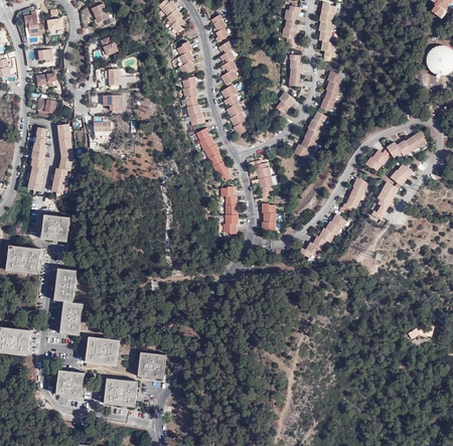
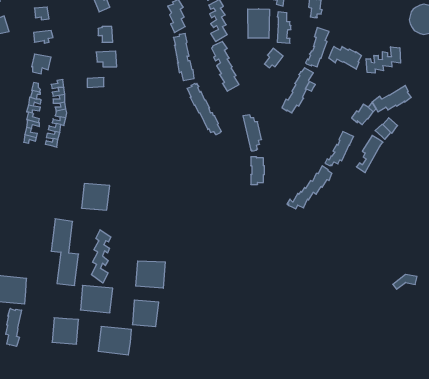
building: none -> [248,9,269,38]
building: none -> [329,46,361,69]
building: none -> [366,47,401,73]
building: [219,186,237,235] -> none
building: [42,213,71,241] -> [81,184,110,210]
building: [7,243,41,274] -> none
building: none -> [91,230,111,283]
building: none -> [136,261,165,288]
building: none -> [6,308,22,346]

